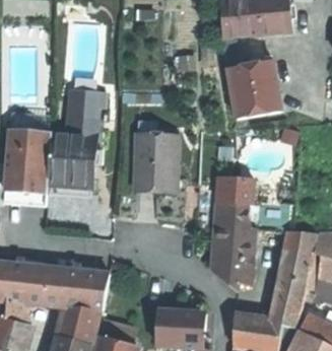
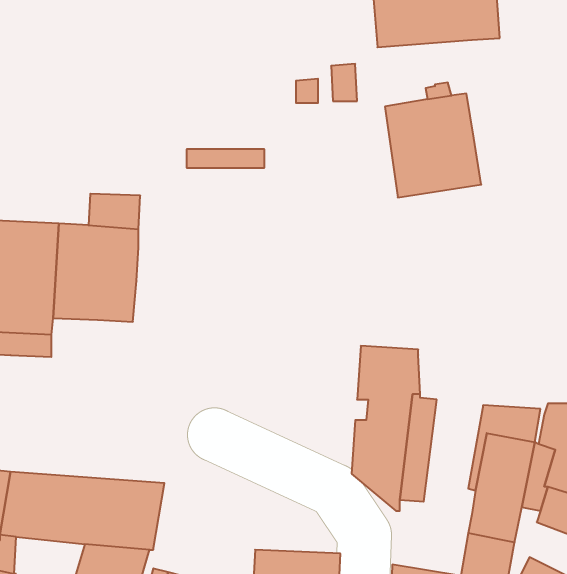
building: [68,88,105,117] -> none
building: [135,134,178,186] -> none
building: [216,178,254,204] -> none

